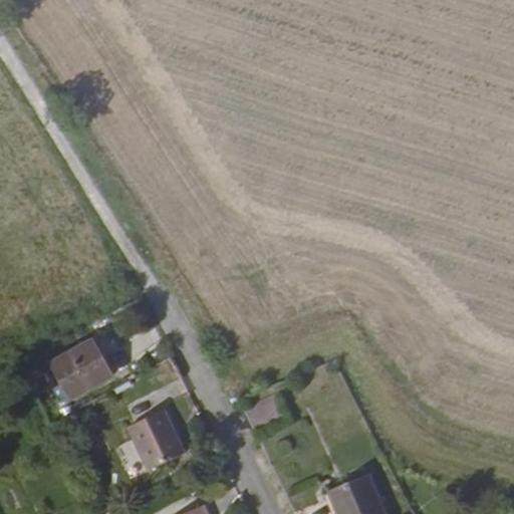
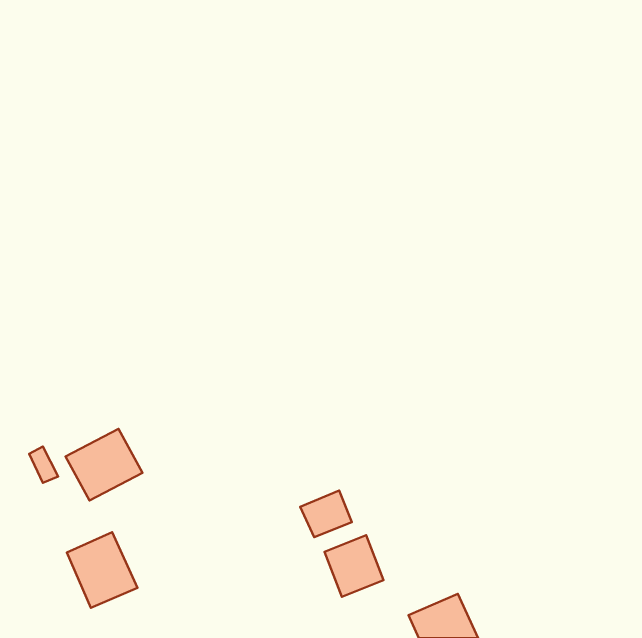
building: [128,411,185,471] -> [67,532,138,608]
building: none -> [325,535,384,597]

